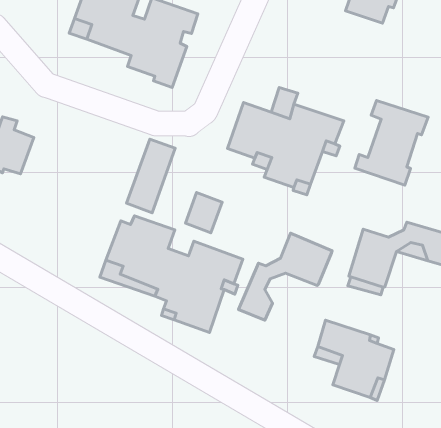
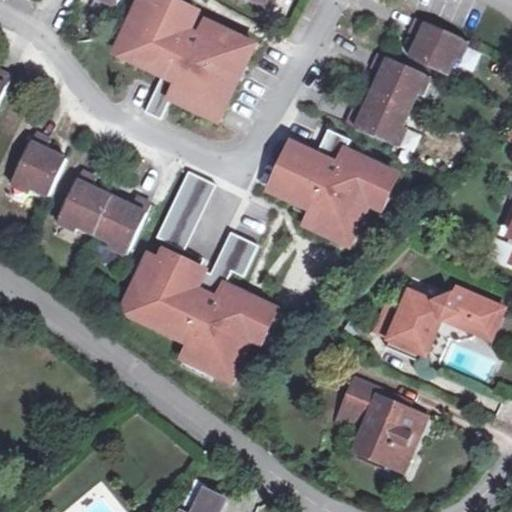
building: [355,101,428,185] -> [346,52,429,144]
building: none -> [57,170,150,254]
building: [239,233,332,320] -> none

